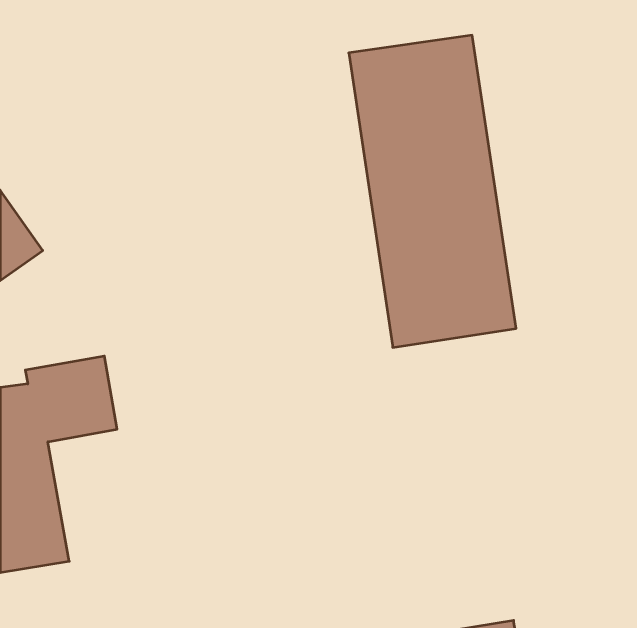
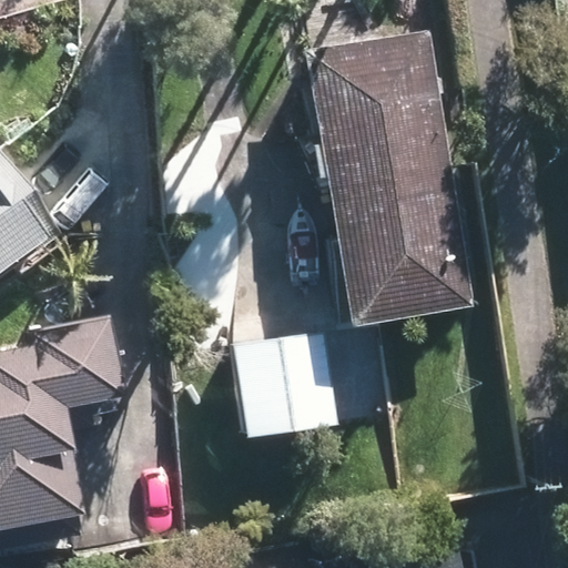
building: none -> [241,339,331,438]

